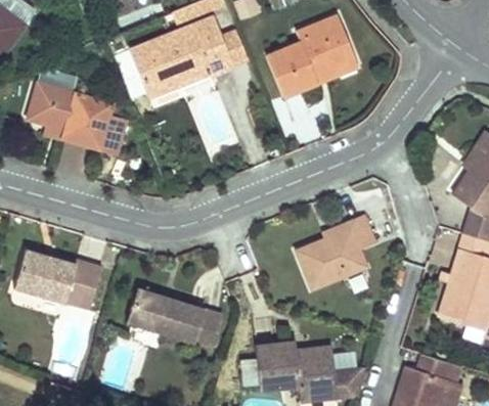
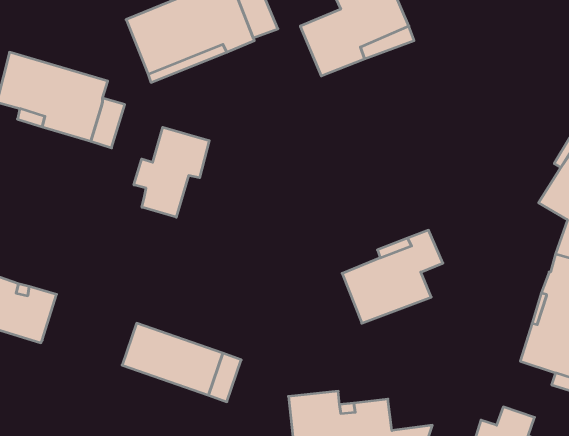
building: none -> [134,127,209,217]
building: [63,263,100,309] -> none

